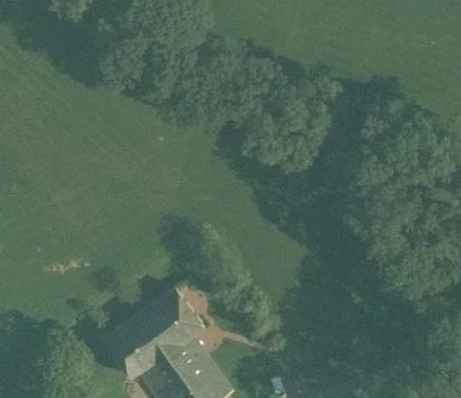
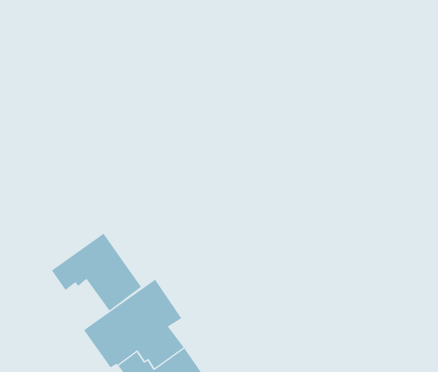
building: none -> [51,233,142,312]

